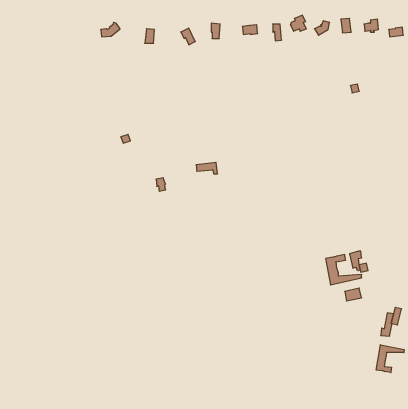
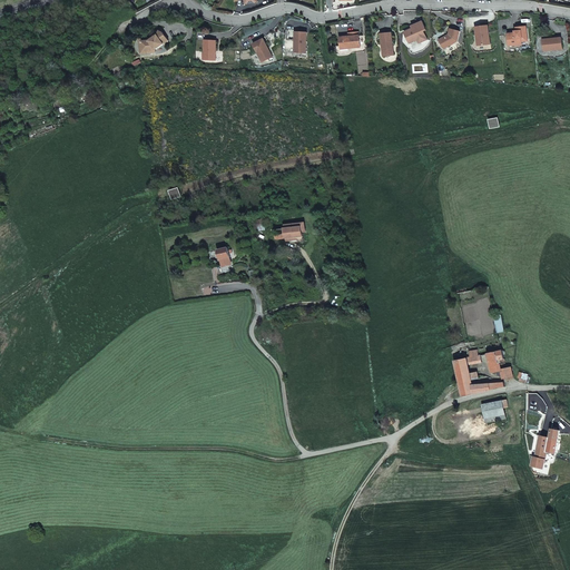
building: [376,345,404,373] -> none

